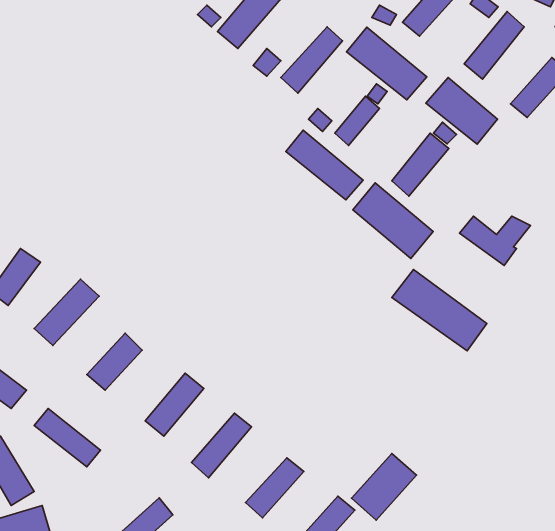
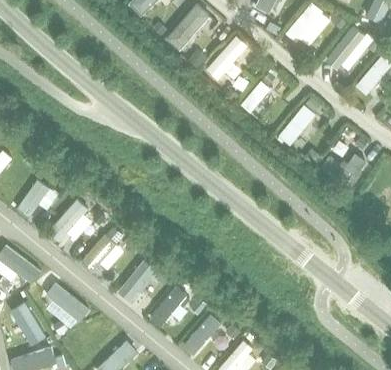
building: [347,27,427,100] -> none
building: [426,77,498,144] -> none
building: [286,130,363,200] -> none
building: [353,183,433,259] -> none
building: [392,270,487,351] -> none
building: [352,453,416,520] -> none

